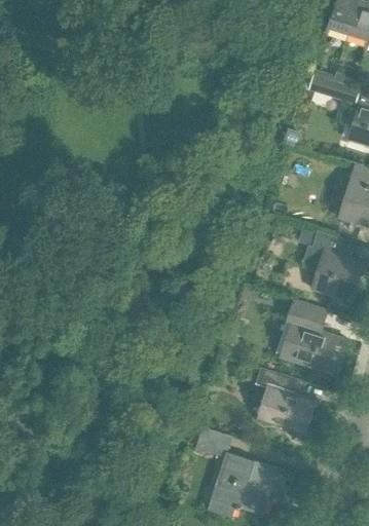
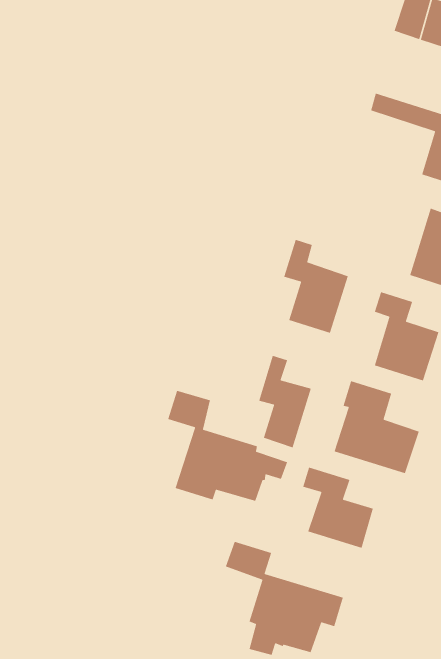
building: none -> [283,239,349,334]
building: none -> [258,355,312,449]
building: none -> [167,390,288,502]

